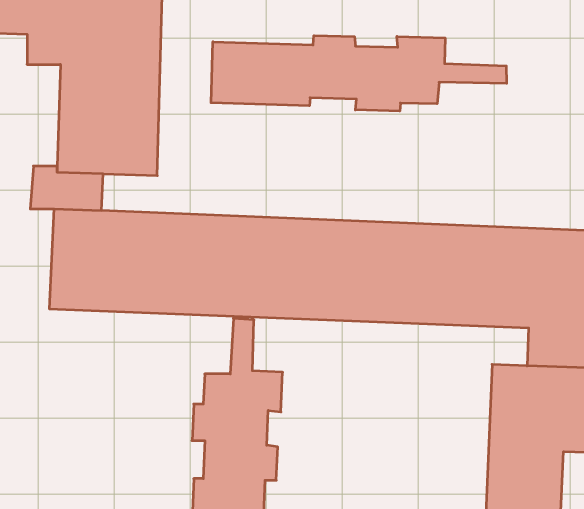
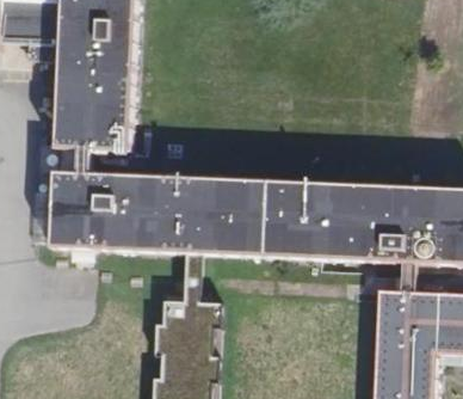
building: [211,36,507,111] -> none

